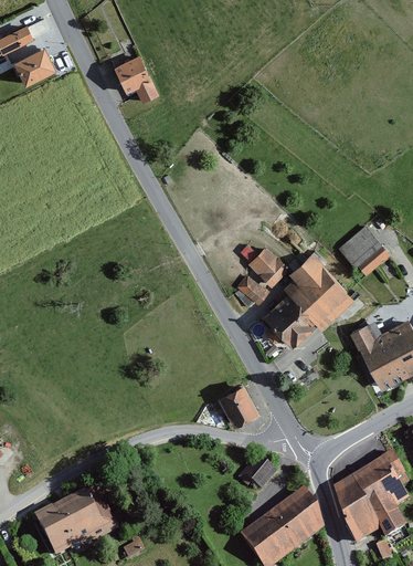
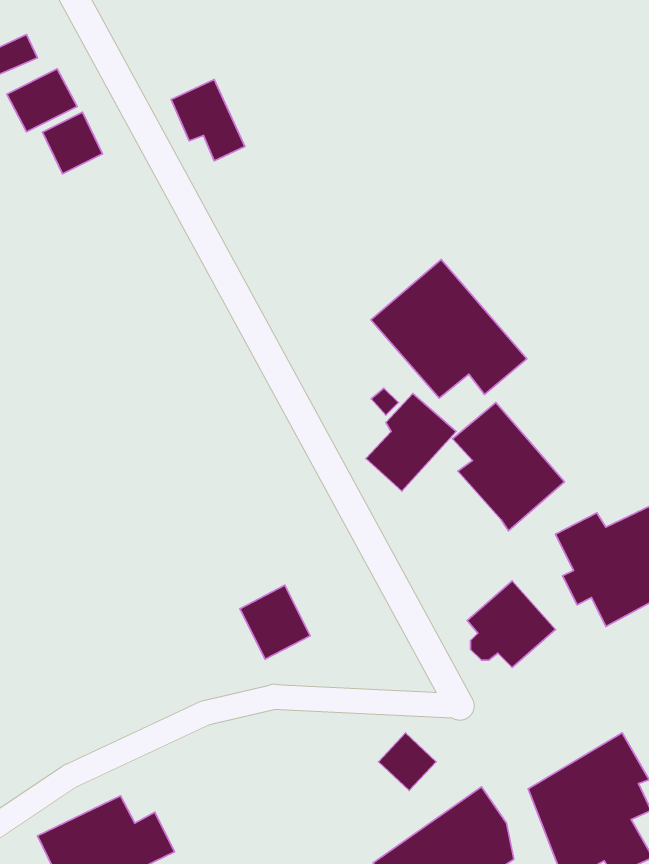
building: none -> [42,112,102,174]
building: none -> [371,260,527,398]
building: [338,224,390,276] -> none
building: [263,293,317,346] -> [467,581,555,667]
building: [216,382,260,428] -> [240,585,310,659]

